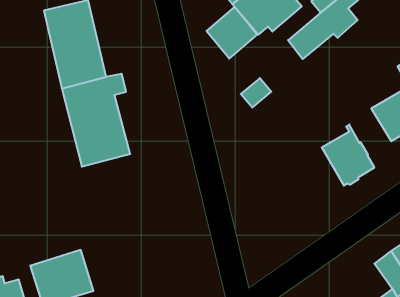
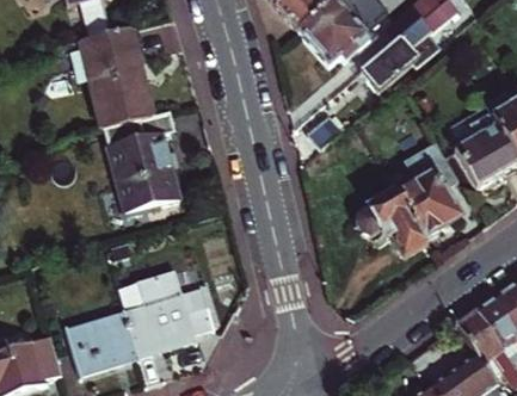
building: [207,7,257,59] -> none
building: none -> [356,188,426,254]
building: none -> [124,280,215,354]

